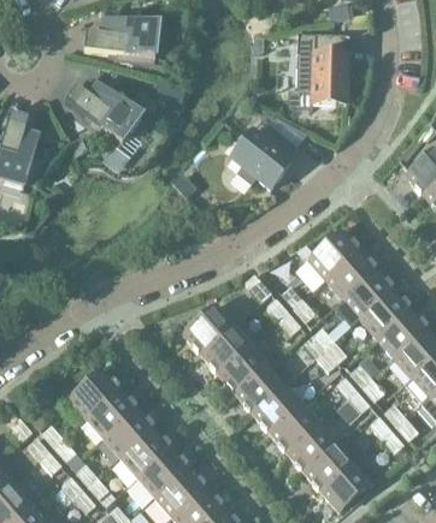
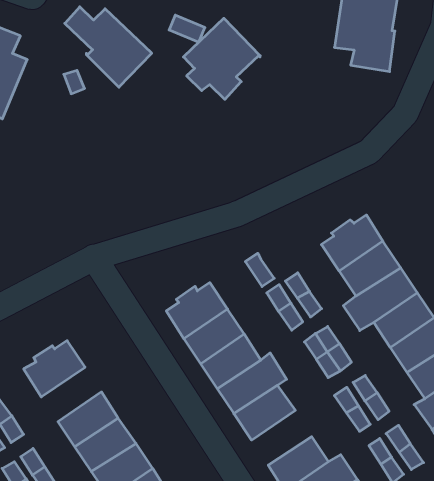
building: [232,119,297,188] -> [183,18,260,99]
building: [88,388,139,438] -> none
building: [271,402,322,451] -> none

